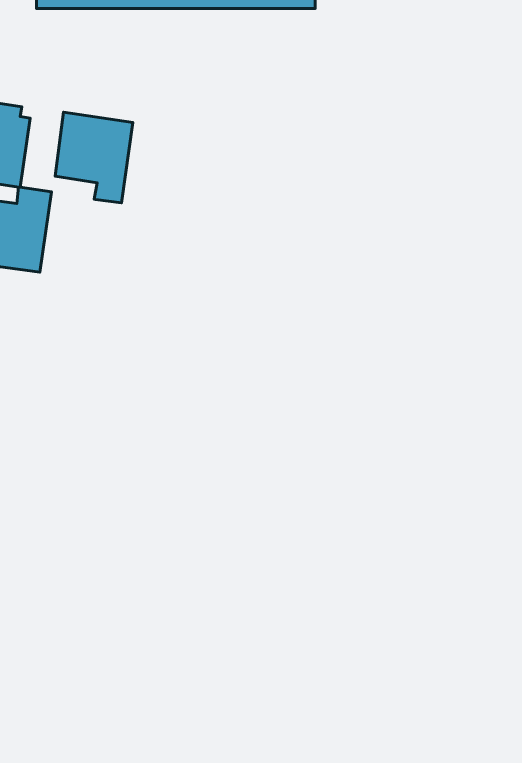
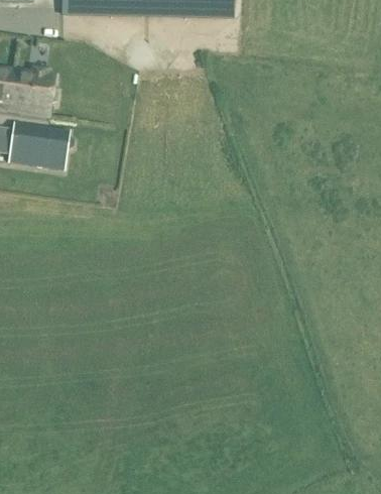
building: [55,112,133,203] -> none

